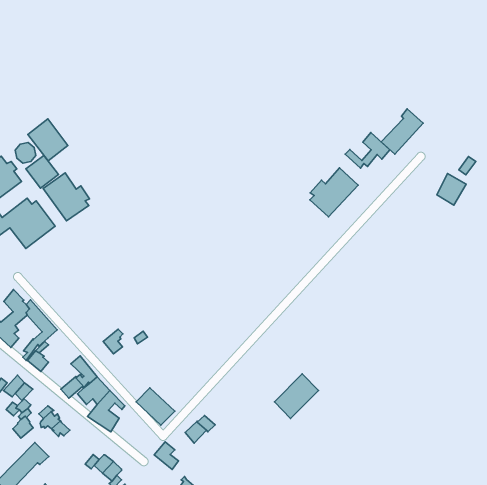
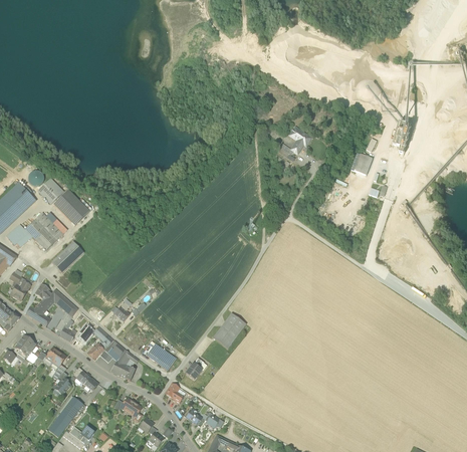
building: [381,109,423,154] -> none
building: [28,119,68,161] -> none
building: [310,168,358,217] -> none
building: none -> [51,241,83,272]
building: [274,374,318,419] -> [213,312,245,348]

